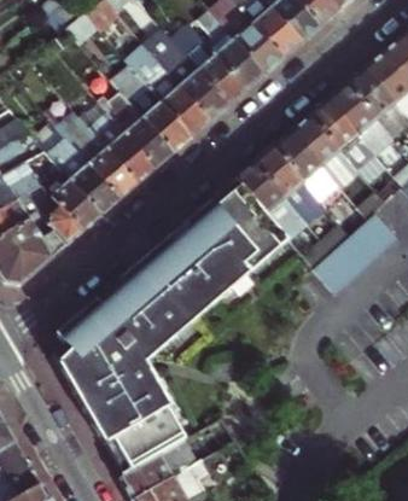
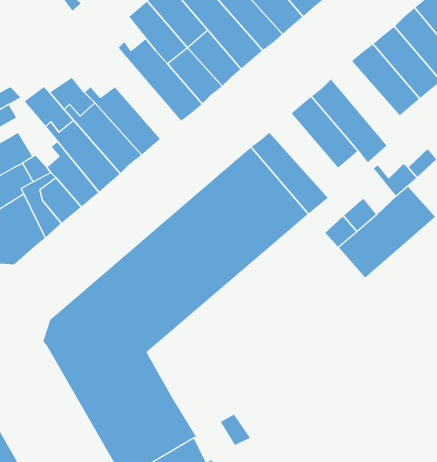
building: [103,95,171,170] -> none
building: [307,100,385,186] -> none
building: [251,147,322,223] -> none

